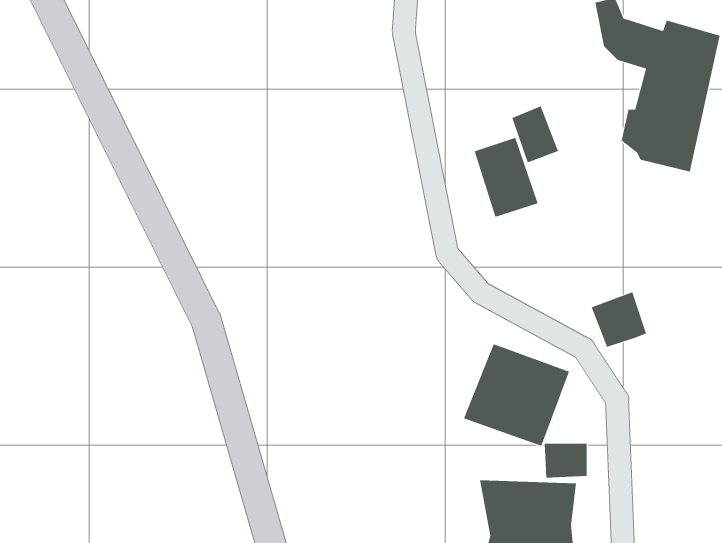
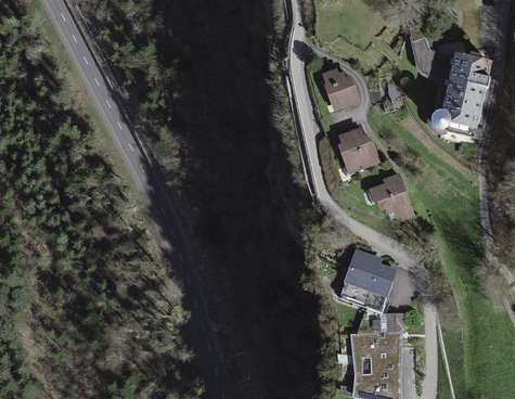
building: [512,106,559,163] -> [326,73,356,108]
building: [591,292,647,348] -> [373,178,408,213]

